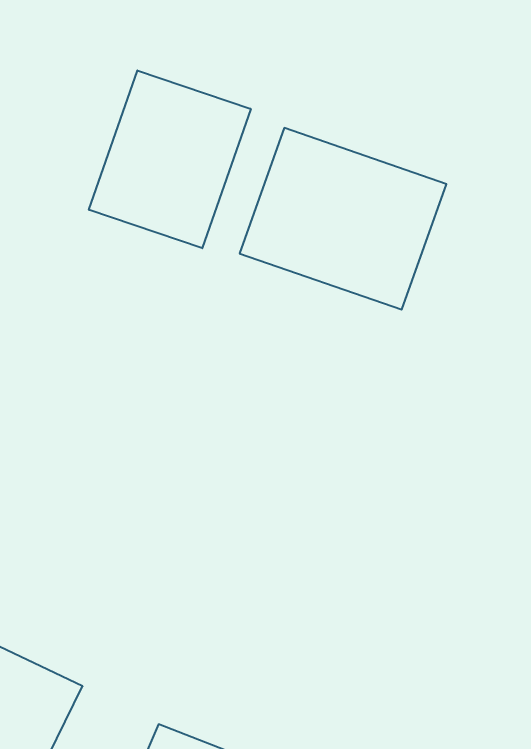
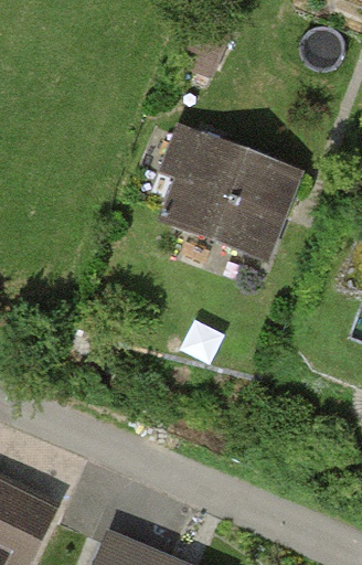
building: [89,70,251,248] -> none

